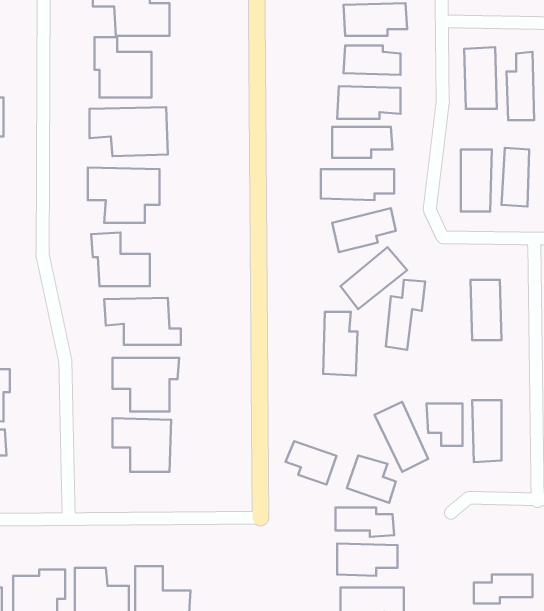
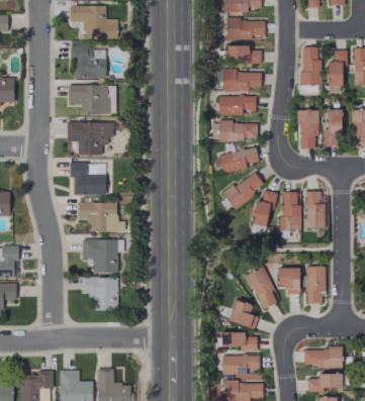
building: [323,312,357,375] -> [281,192,302,231]
building: [286,441,337,485] -> none
building: none -> [304,347,343,368]

